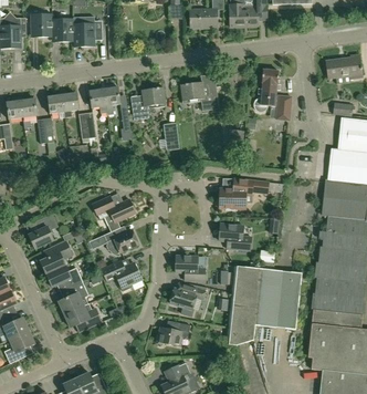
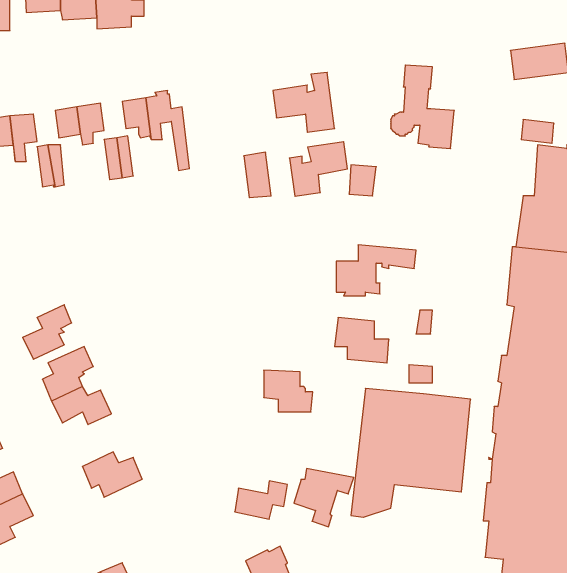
building: [130,86,166,120] -> [289,142,347,196]
building: [93,196,136,222] -> none
building: [104,228,139,253] -> none
building: [102,261,143,291] -> none
building: [59,281,90,313] -> none
building: [170,281,207,317] -> [294,469,354,527]

